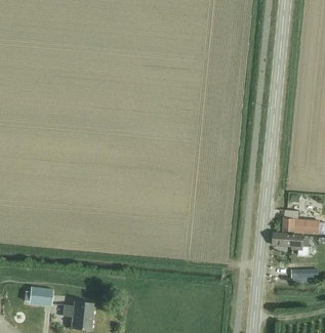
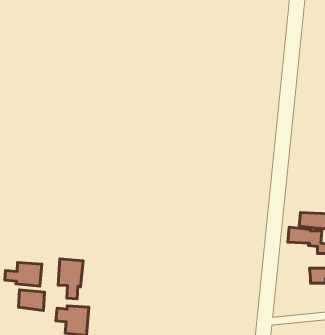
building: none -> [58,259,83,299]
building: none -> [5,263,42,286]

